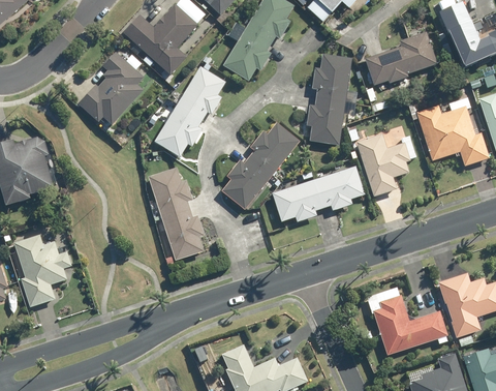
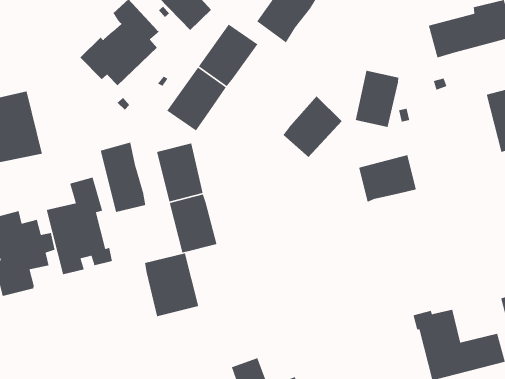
building: [316,55,351,103] -> none
building: [355,134,416,197] -> none
building: [222,157,274,210] -> none
building: none -> [100,141,146,213]
building: [273,180,324,222] -> none
building: none -> [46,176,113,275]
building: none -> [144,252,199,317]

